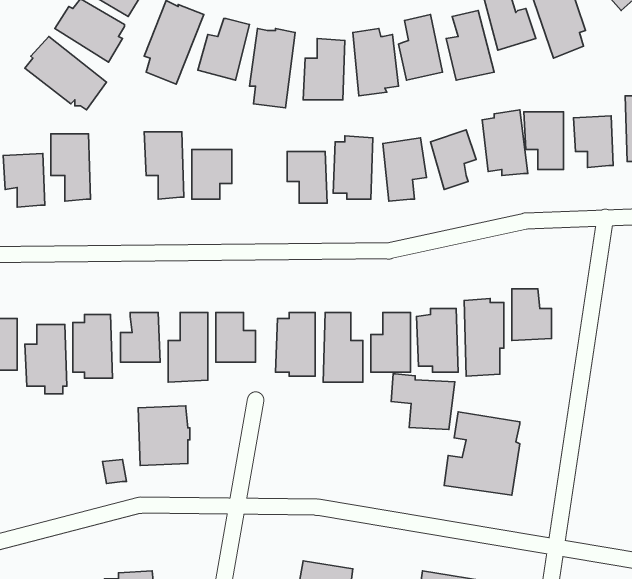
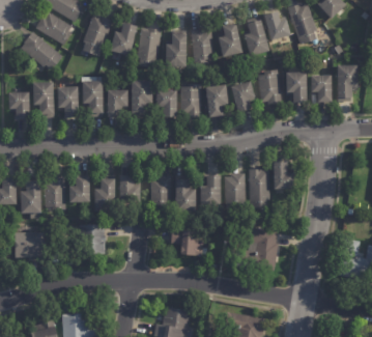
building: none -> [132,82,152,118]
building: none -> [57,88,78,118]
building: [391,374,455,429] -> [171,228,204,257]
building: none -> [13,233,44,258]

